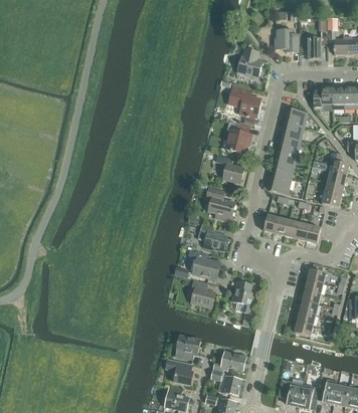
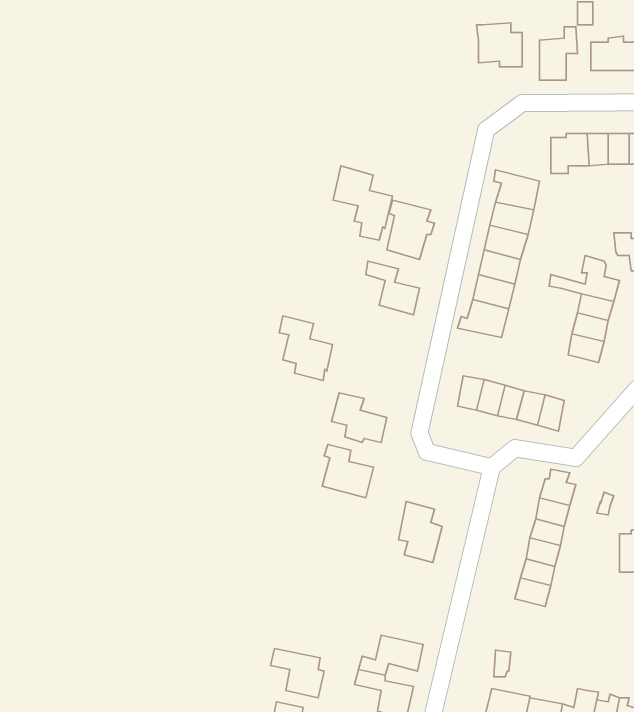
building: [237,48,261,77] -> none
building: [228,85,259,125] -> [333,166,392,240]
building: [206,188,234,222] -> [279,316,333,381]
building: [191,279,214,307] -> none
building: [175,335,200,359] -> none

